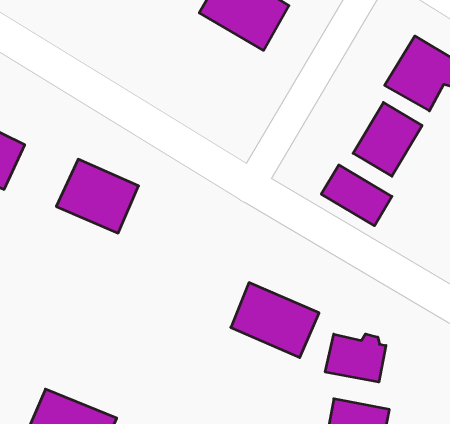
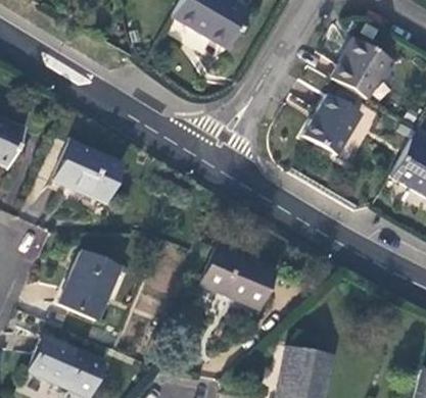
building: [321,165,392,226] -> none
building: none -> [59,250,120,319]
building: [325,334,386,382] -> none

